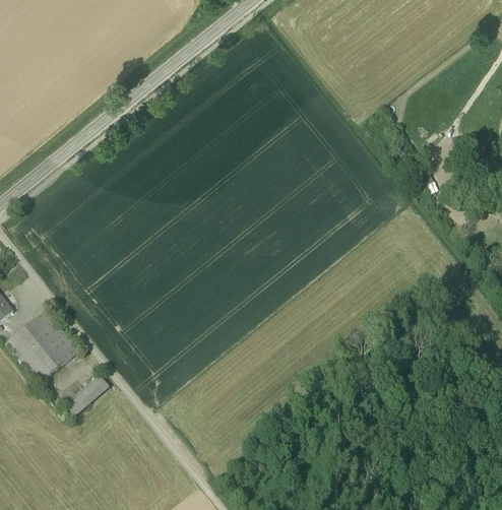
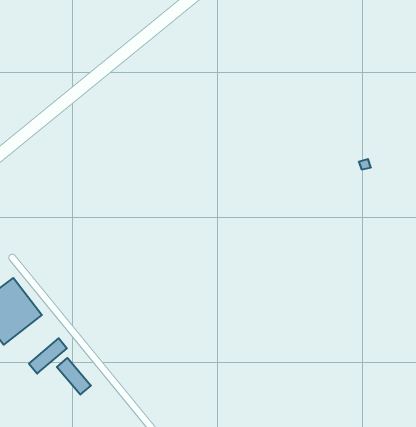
building: none -> [57,358,91,395]

